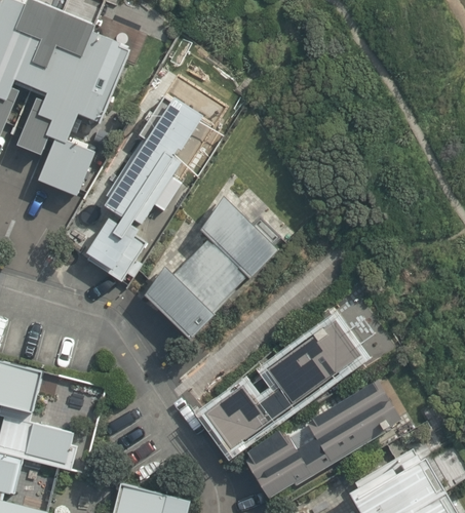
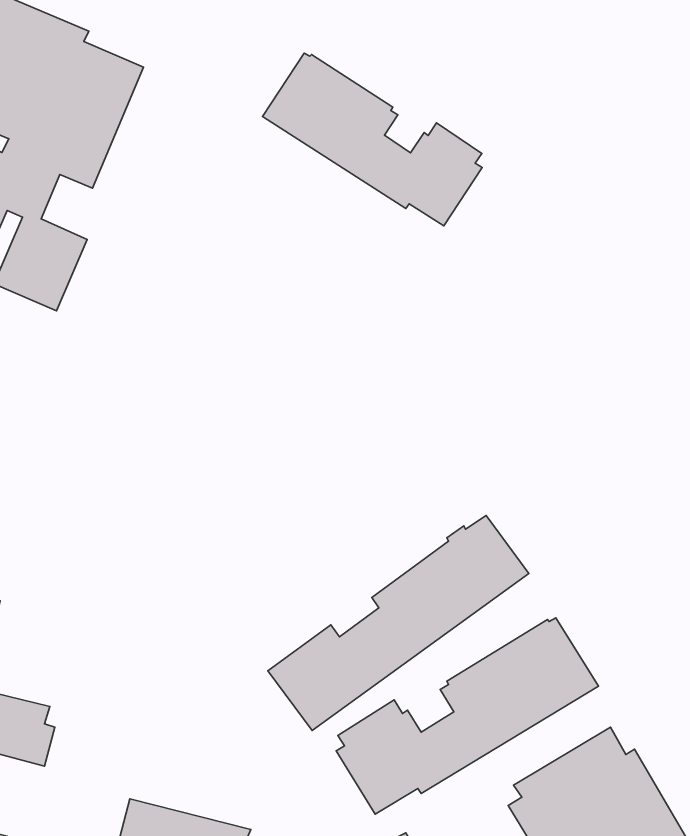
building: none -> [263,53,482,226]
building: [85,98,202,284] -> none
building: [144,196,281,342] -> none

